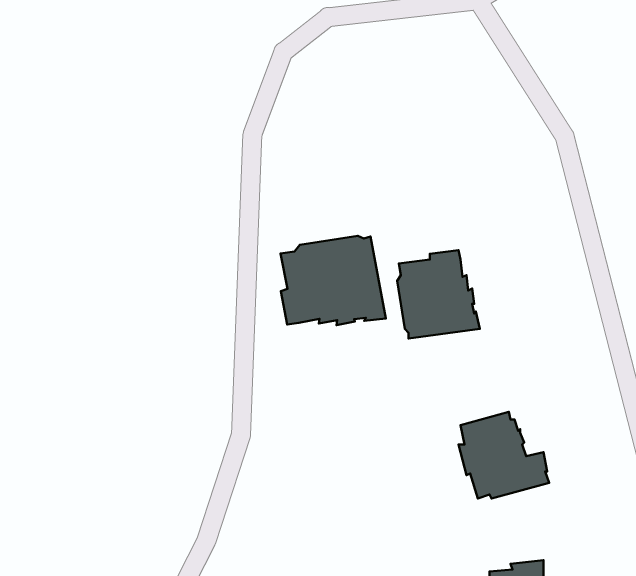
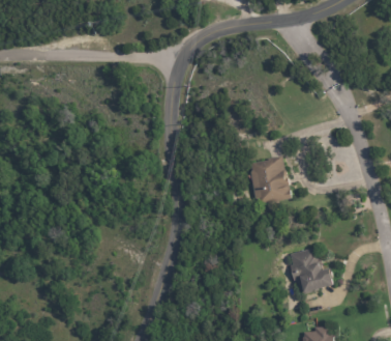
building: [280,236,386,325] -> none

